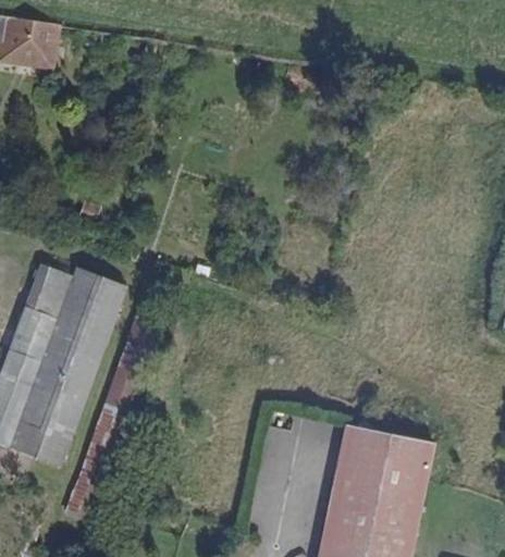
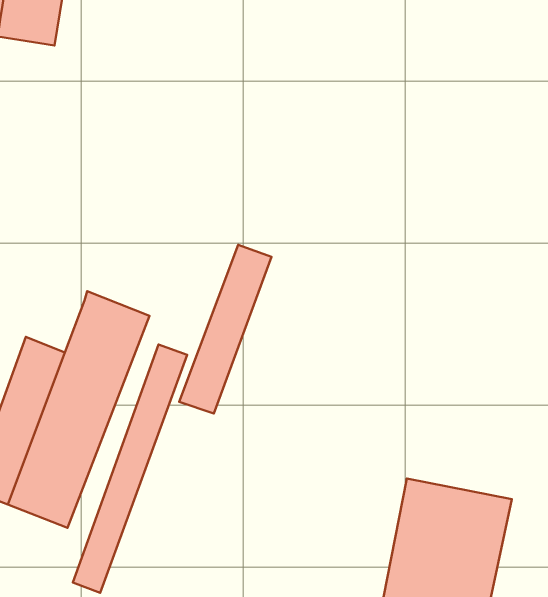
building: none -> [179,245,271,414]
building: [25,265,74,321] -> none

